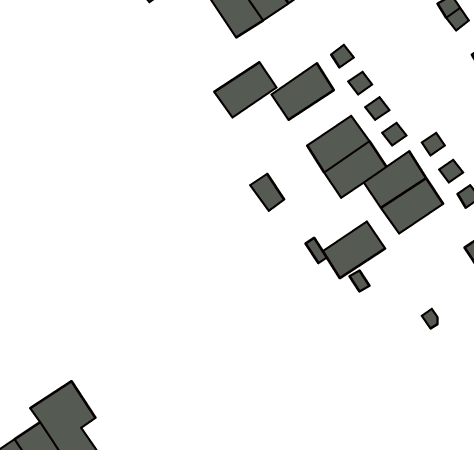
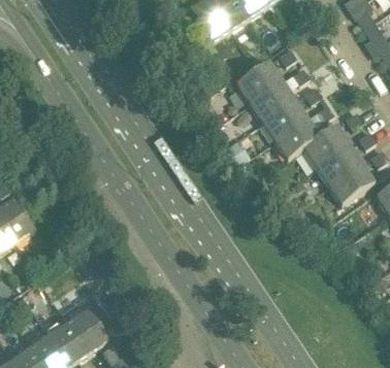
building: [214,62,277,117] -> [249,79,294,120]
building: [323,221,385,278] -> [329,162,375,203]

